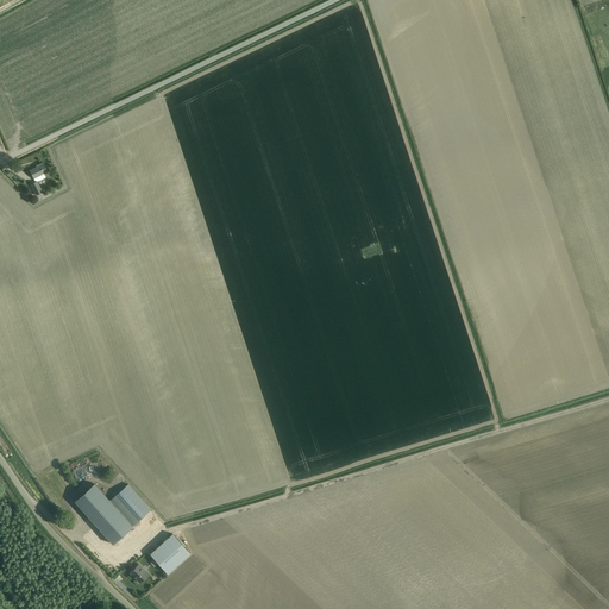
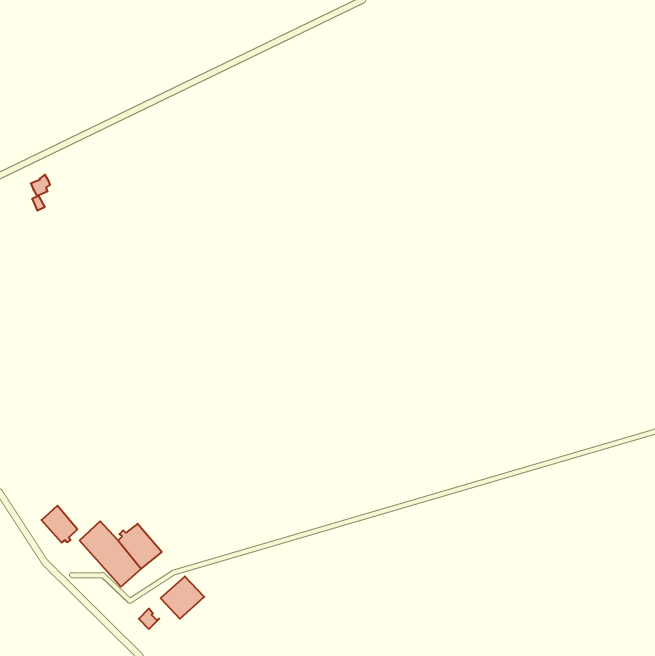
building: none -> [41,506,77,543]

